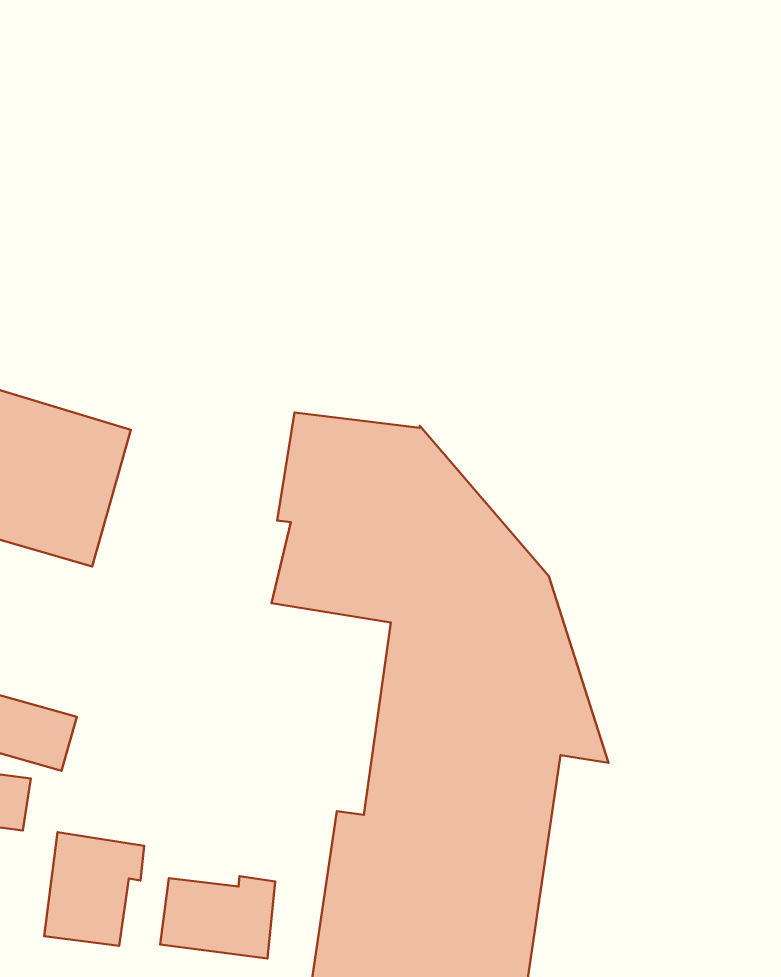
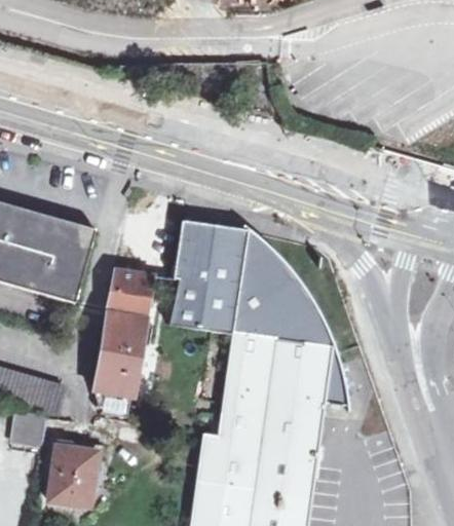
building: none -> [92,271,154,396]
building: [160,876,275,959] -> none

